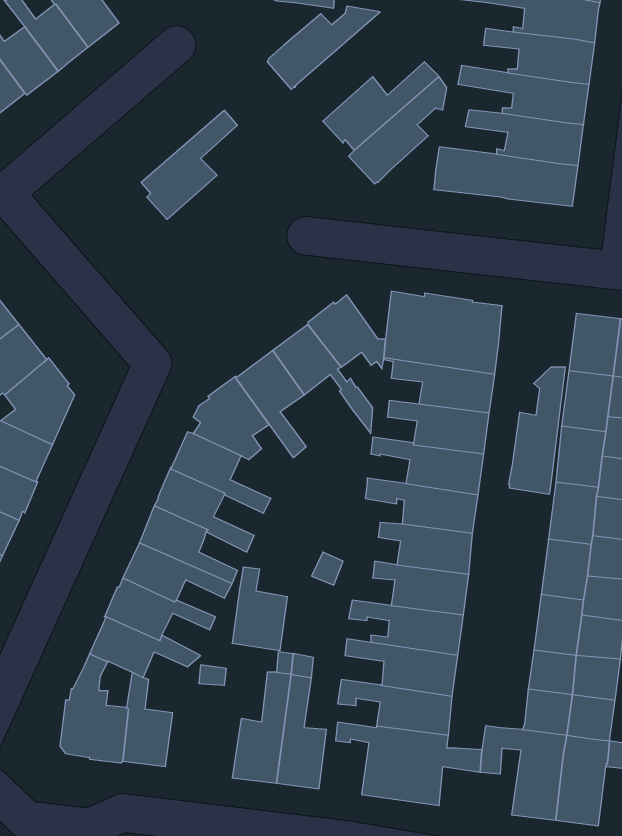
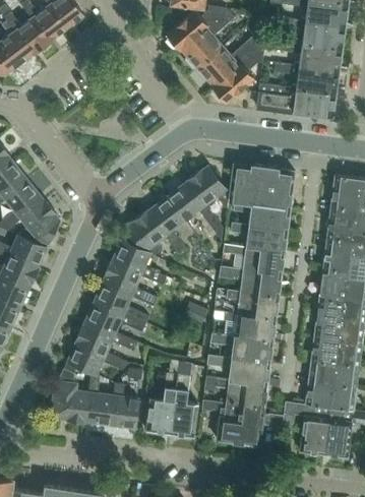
building: [141,110,237,219] -> [181,9,234,69]
building: [509,367,565,494] -> none
building: [232,567,288,650] -> [109,382,139,428]

